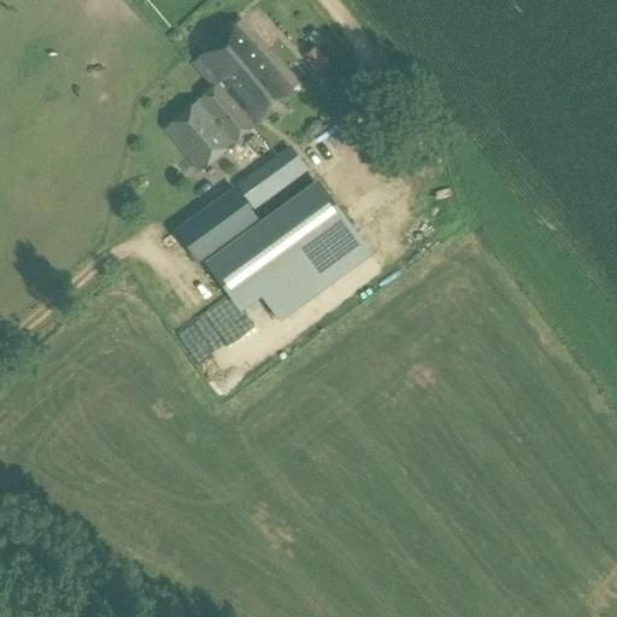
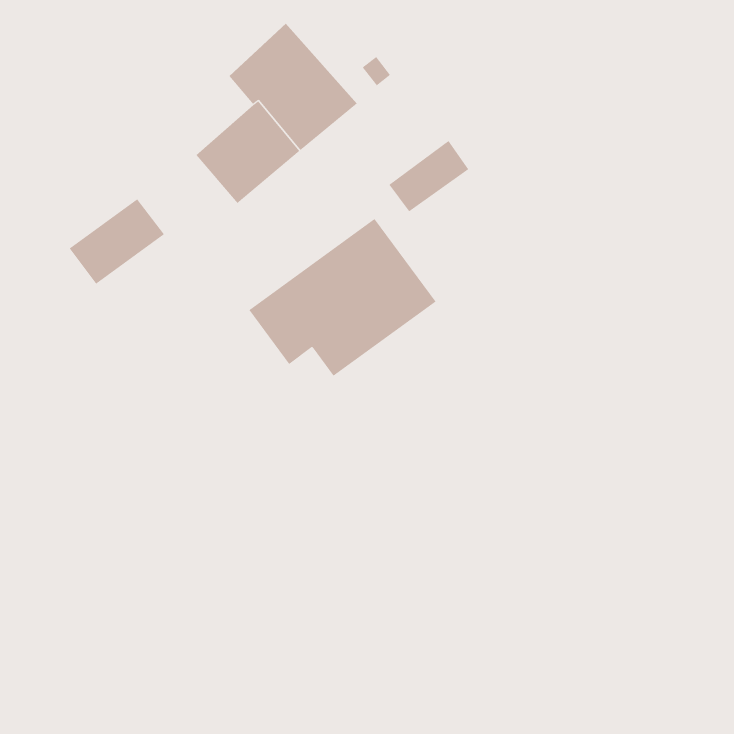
building: [237,148,305,208] -> [389,140,469,212]
building: [174,189,254,262] -> [69,198,165,285]

